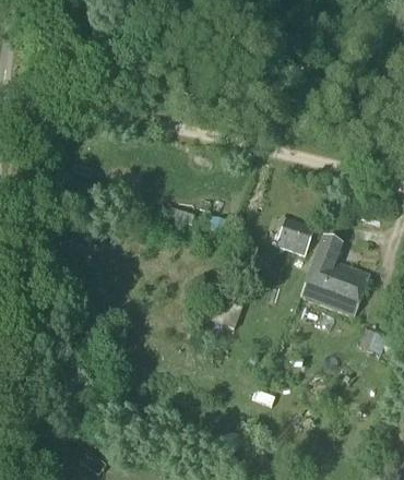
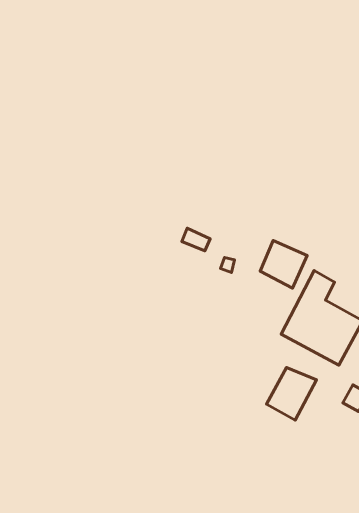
building: none -> [266,367,317,420]

